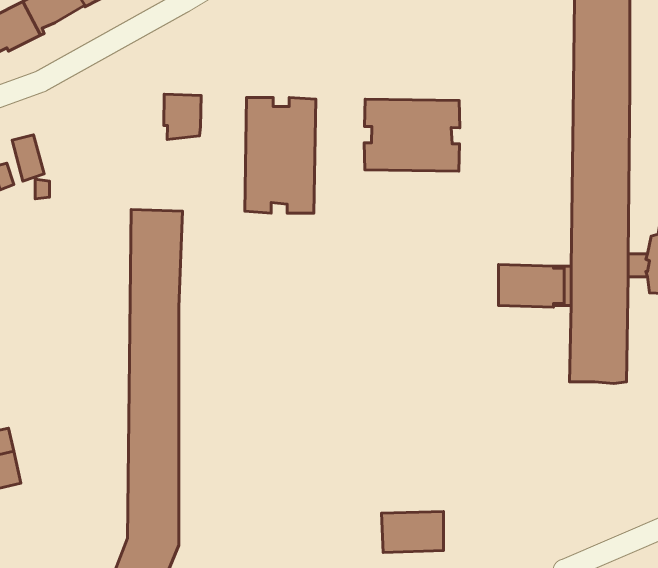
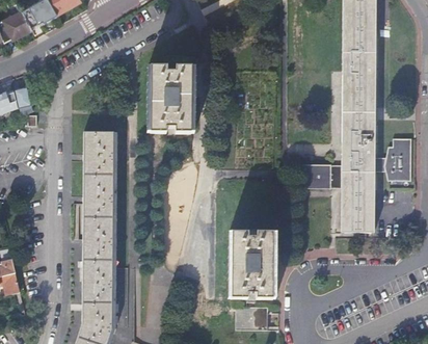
building: [164,94,201,139] -> none
building: [364,99,460,171] -> none
building: none -> [230,232,273,299]

